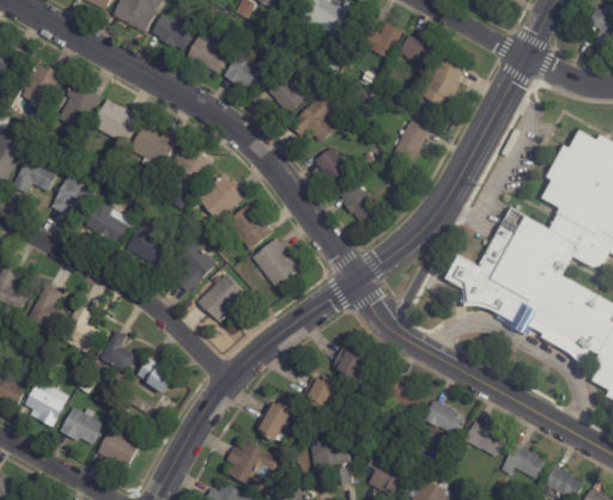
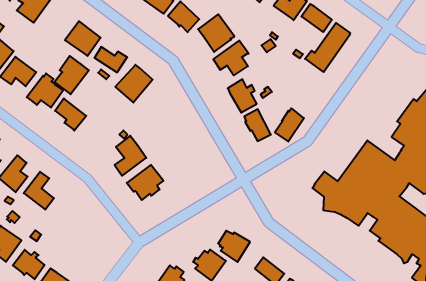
building: [60,80,103,130] -> [55,56,89,94]
building: [394,120,430,164] -> [275,108,304,142]
building: [196,173,248,221] -> none
building: [227,201,275,250] -> none
building: [128,225,170,264] -> none
building: [253,237,301,287] -> none
building: [99,329,136,373] -> none
building: [138,354,178,392] -> none

